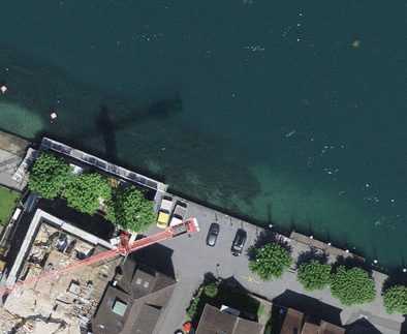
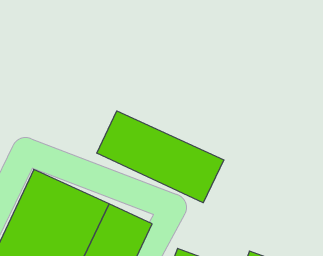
building: none -> [97,111,224,203]

